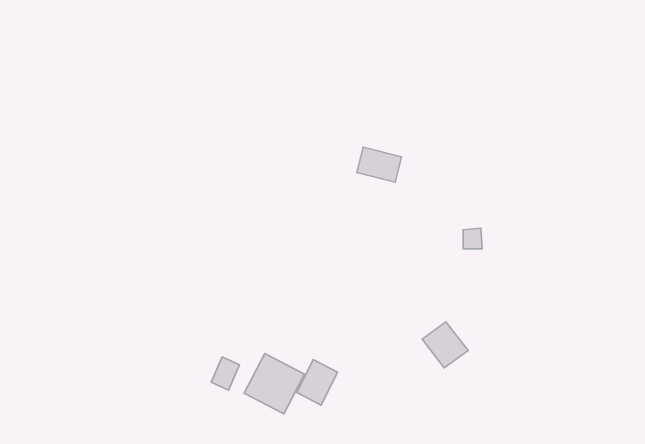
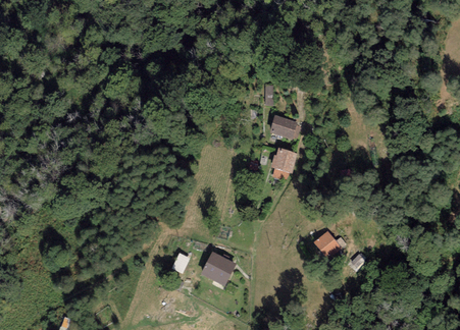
building: none -> [271,147,298,180]
building: [297,360,337,405] -> none

